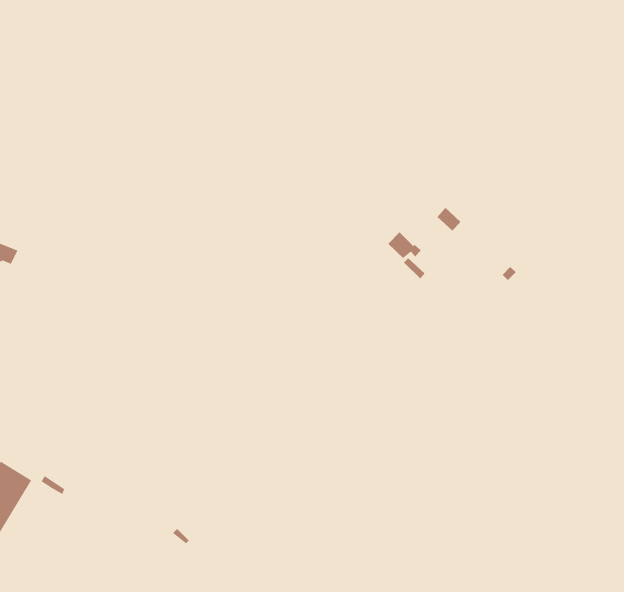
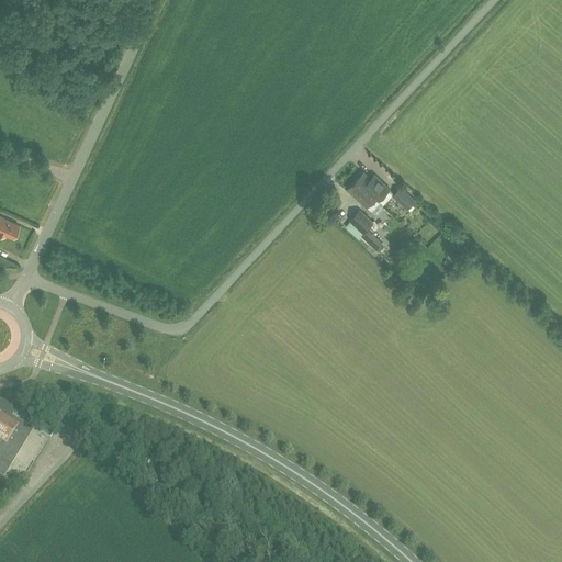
building: none -> [346,171,387,210]

